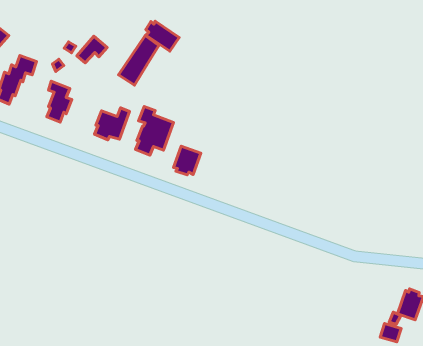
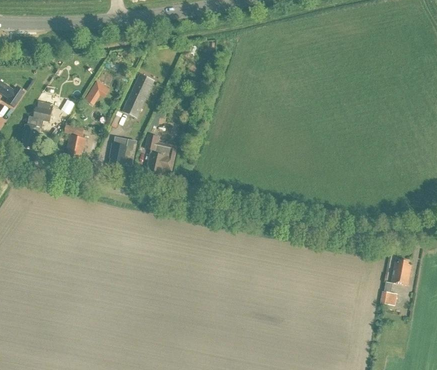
building: [146,21,179,51] -> none
building: [174,146,201,175] -> none

